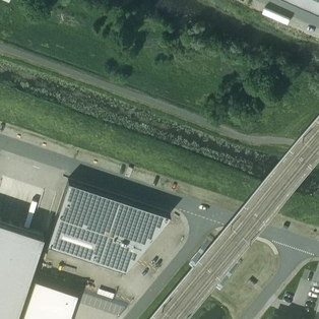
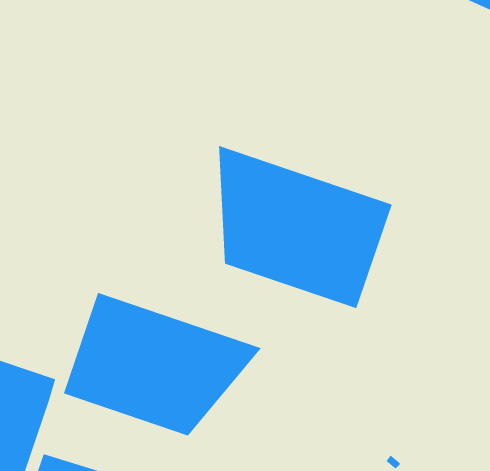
building: none -> [218,145,393,309]

